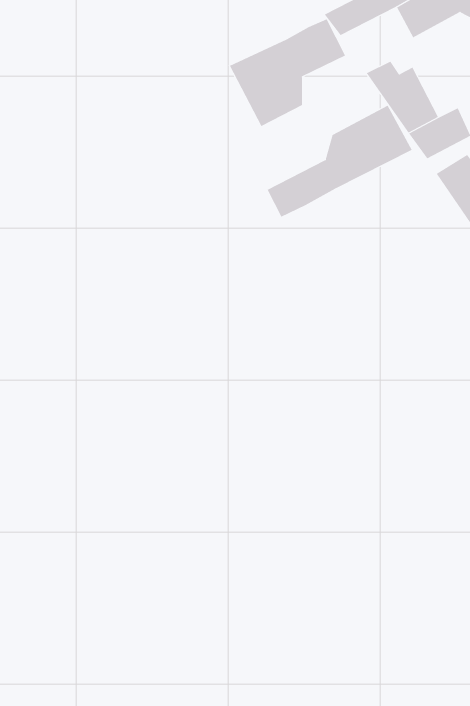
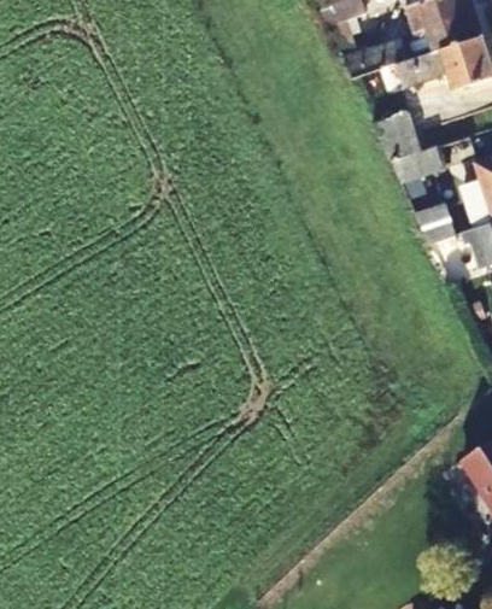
building: [229,19,346,127] -> none
building: [267,105,413,217] -> none

